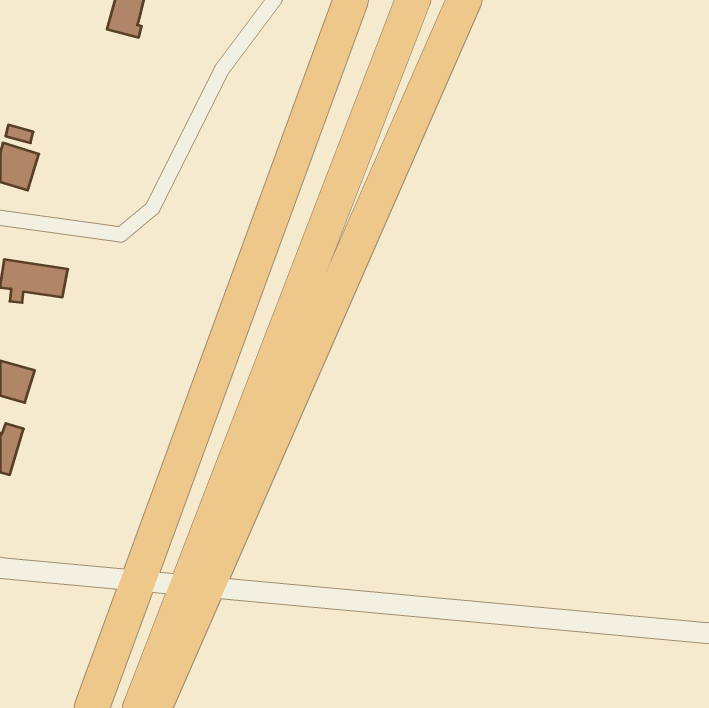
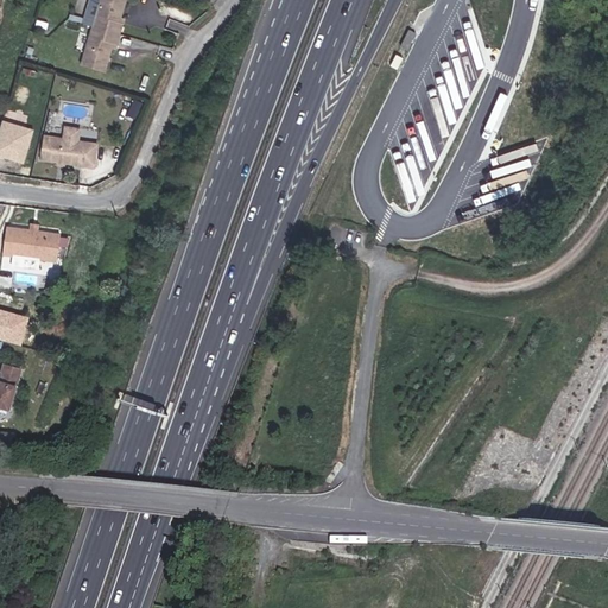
building: none -> [80,25,119,70]
building: none -> [40,138,86,167]

